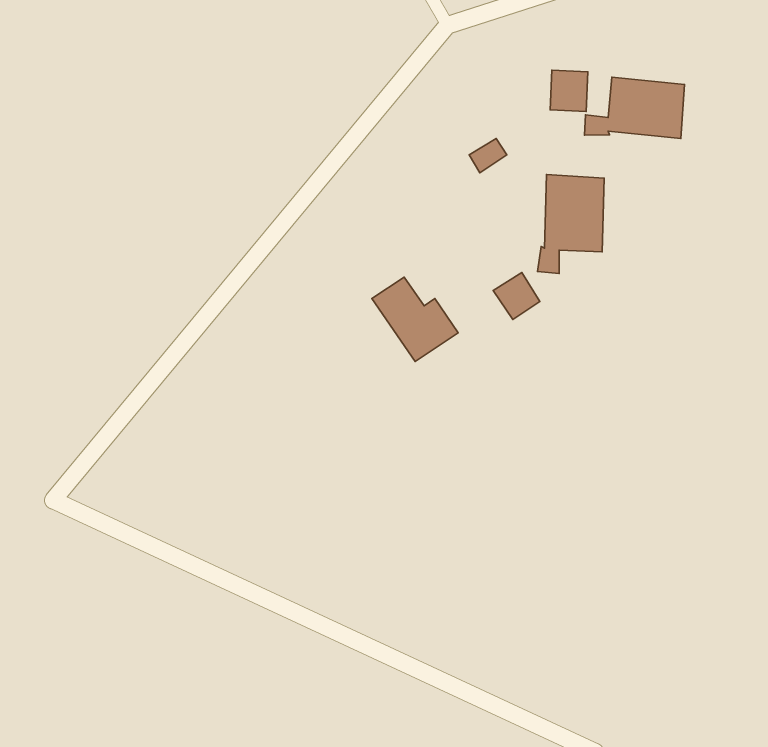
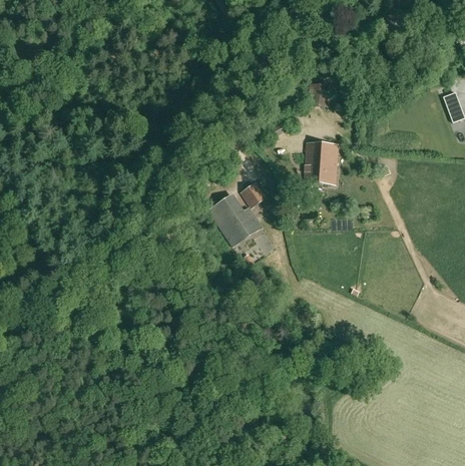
building: [584,77,684,139] -> none
building: [493,273,540,319] -> [240,180,266,206]

